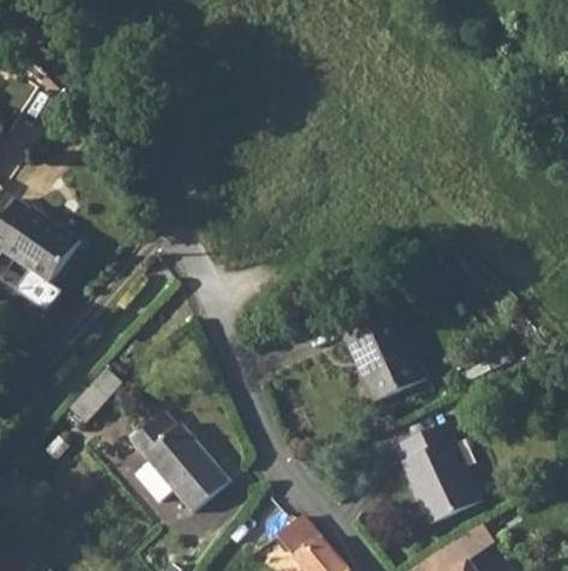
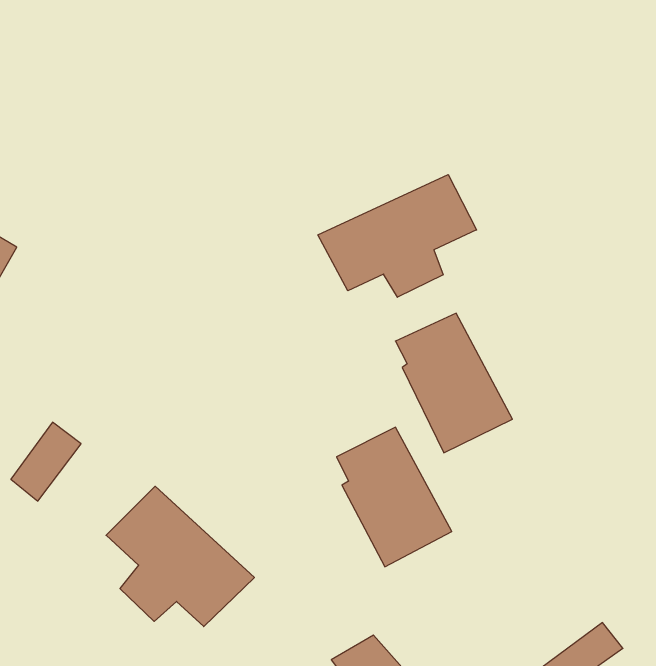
building: none -> [318,175,477,297]
building: [398,432,476,530] -> [337,427,452,567]

